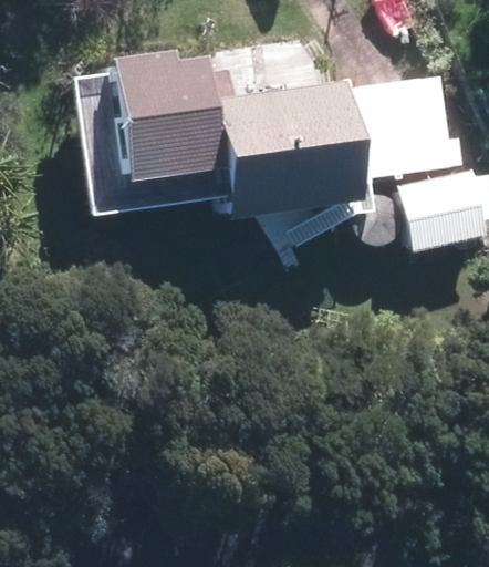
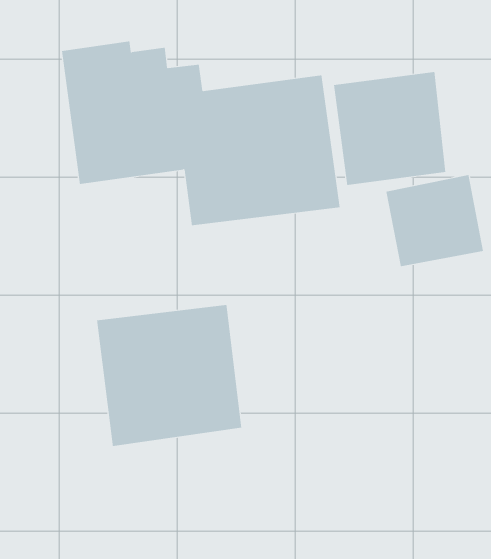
building: none -> [97,304,242,447]

